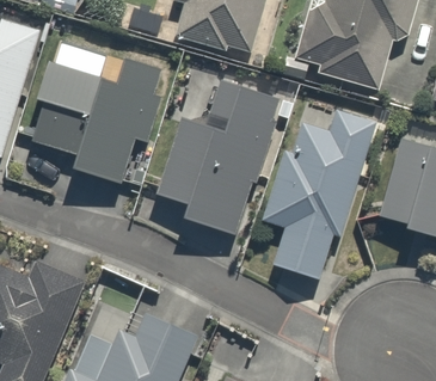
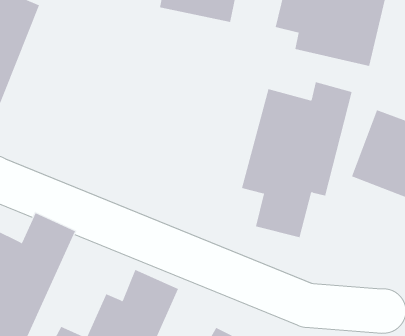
building: [35,59,170,185] -> none
building: [154,81,280,235] -> none

